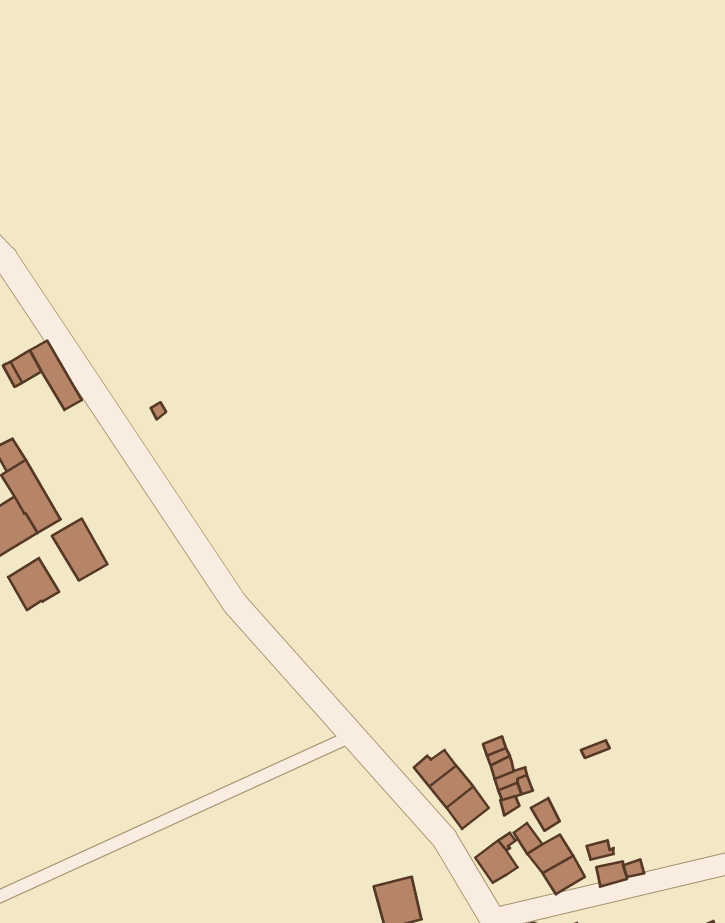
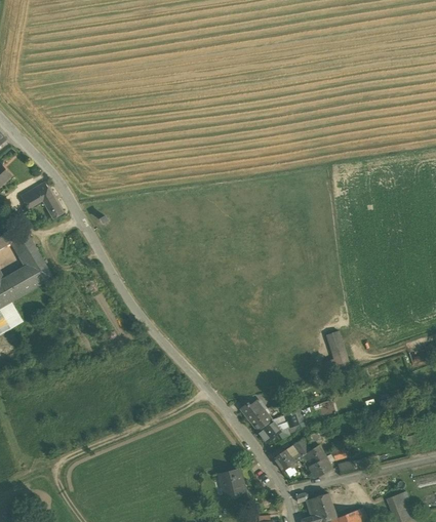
building: [52,519,107,580] -> none
building: [8,558,59,610] -> none
building: none -> [324,330,350,369]

